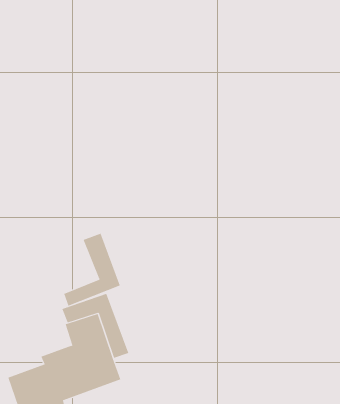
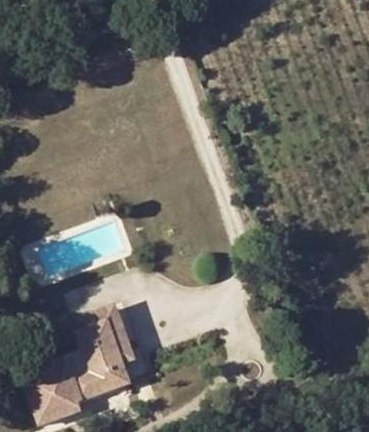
building: [64,233,120,307] -> none

